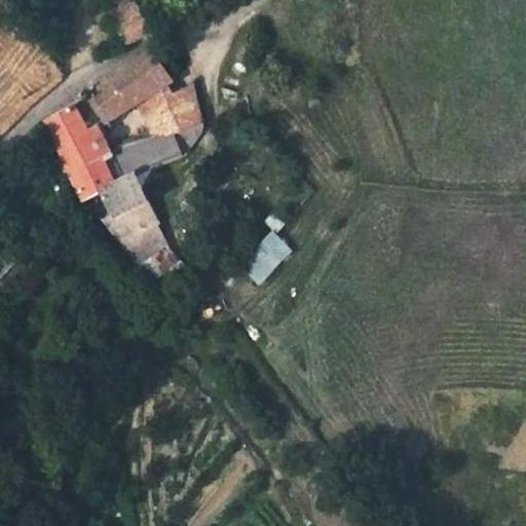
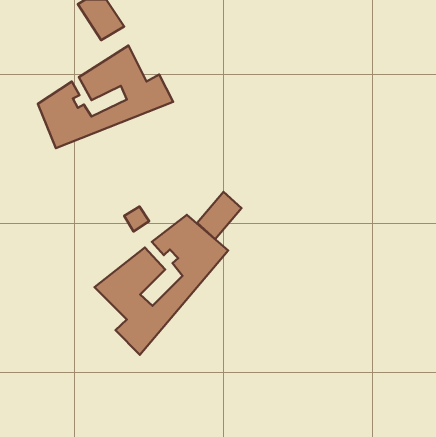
building: [67,122,214,250] -> none
building: none -> [95,215,228,355]

